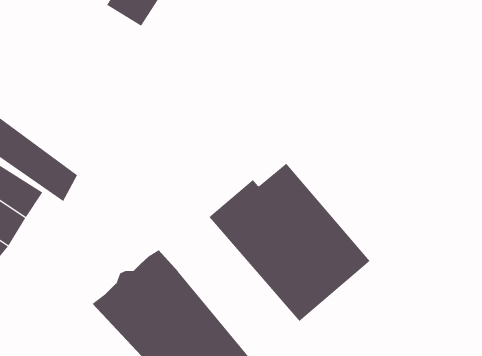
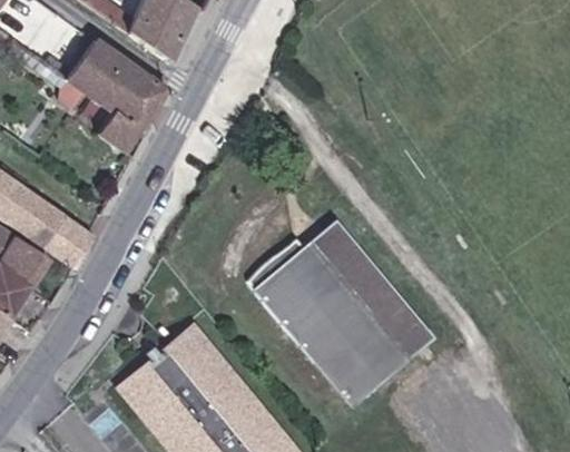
building: none -> [65,43,168,155]

